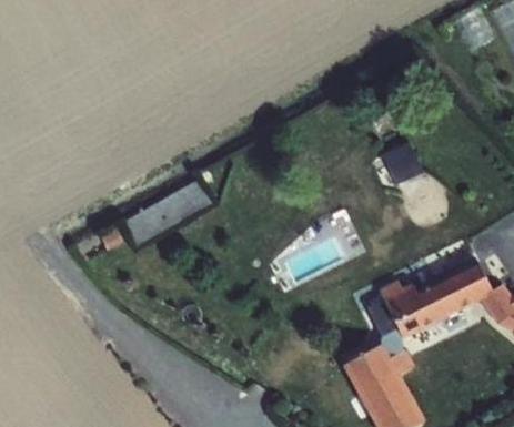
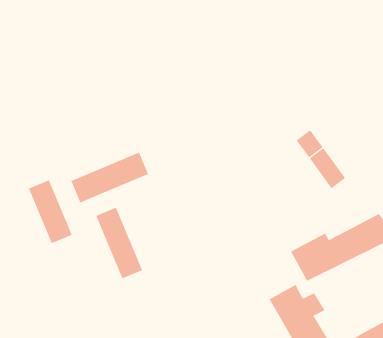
building: none -> [28,179,73,244]
building: none -> [96,207,143,279]

